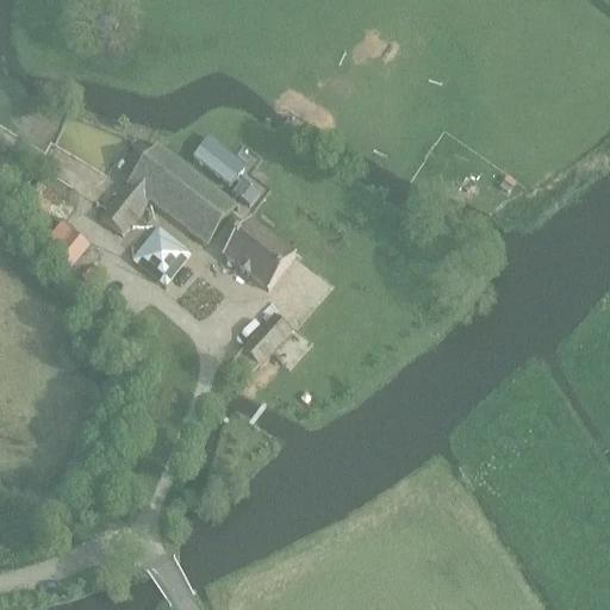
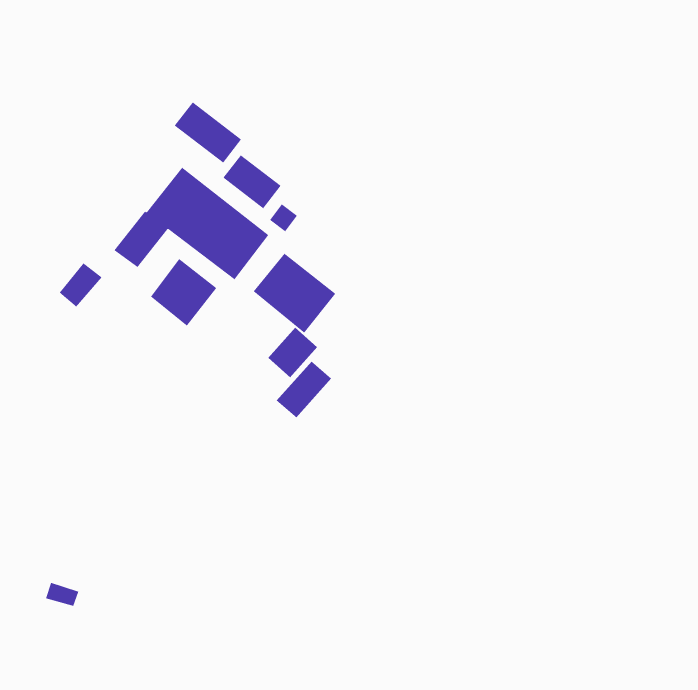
building: none -> [174,101,242,164]
building: none -> [267,327,318,378]

